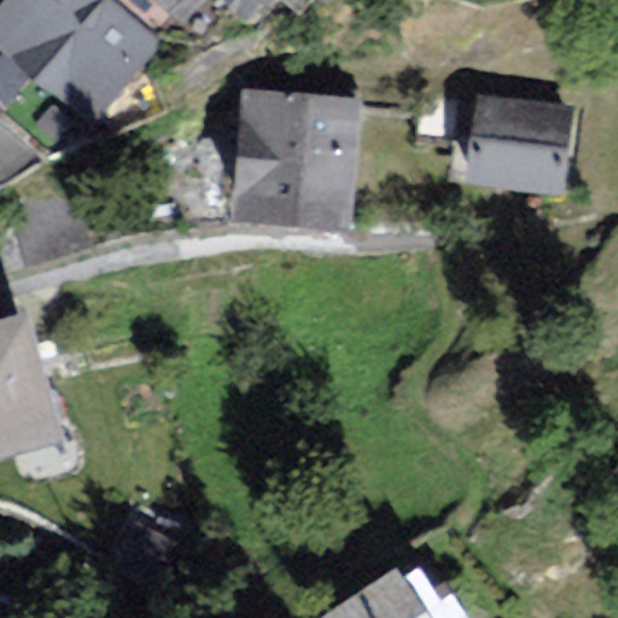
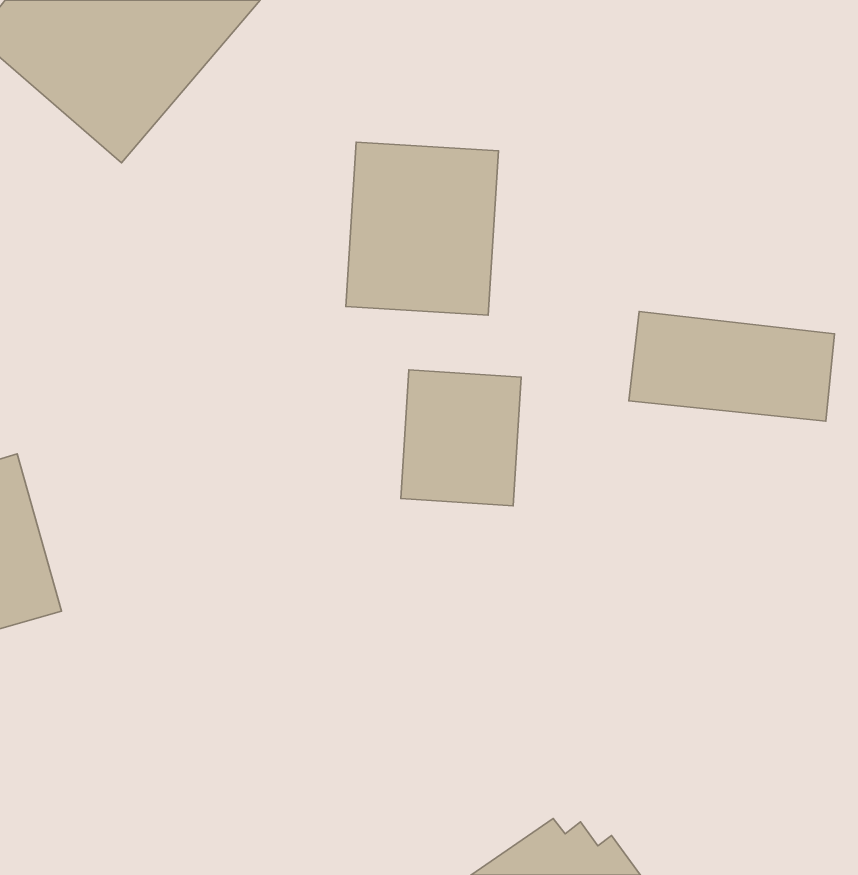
building: [415,98,560,175] -> [629,312,834,421]
building: none -> [401,370,521,506]

